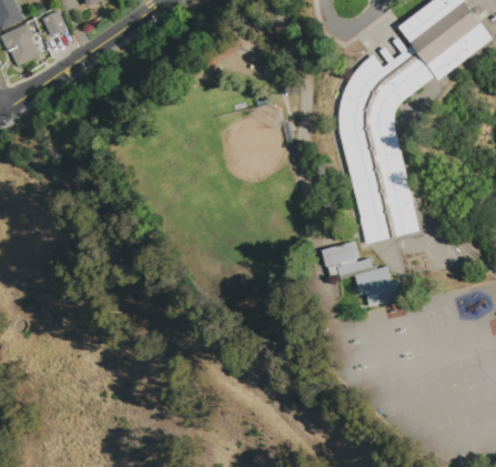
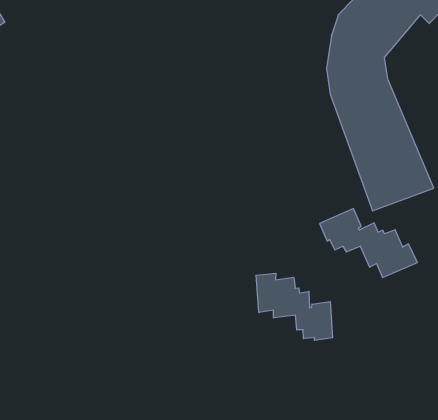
building: none -> [256,273,333,340]

